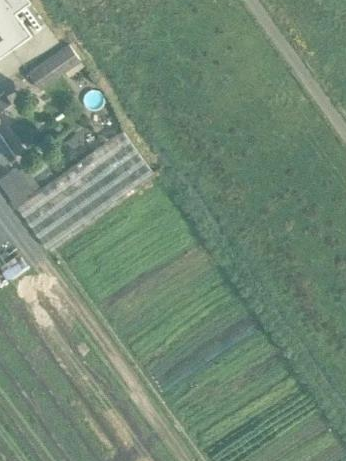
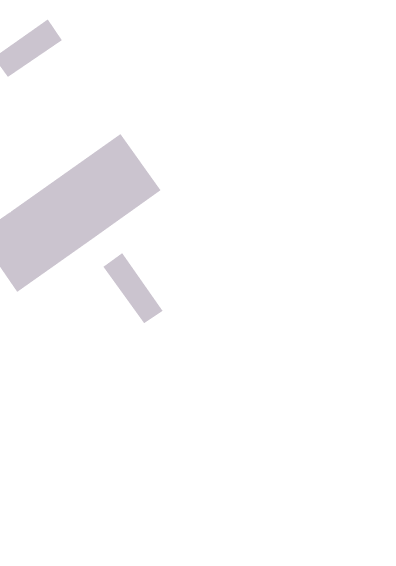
building: none -> [103,252,163,324]

